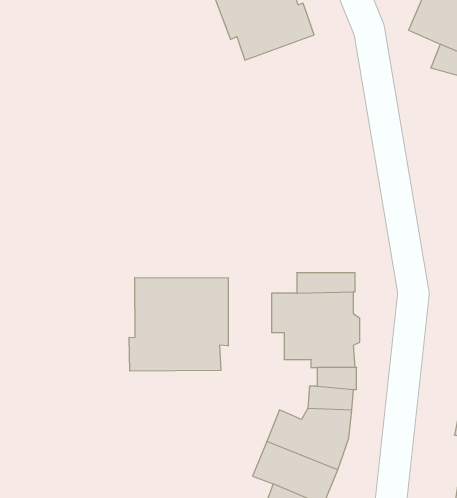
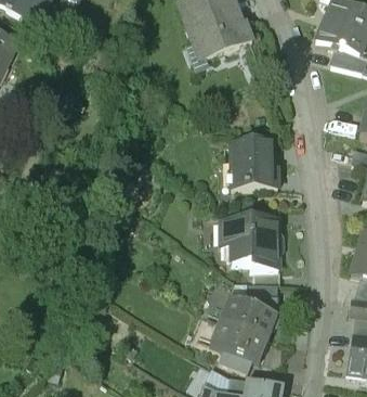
building: none -> [231,142,277,187]
building: [129,278,228,371] -> none

